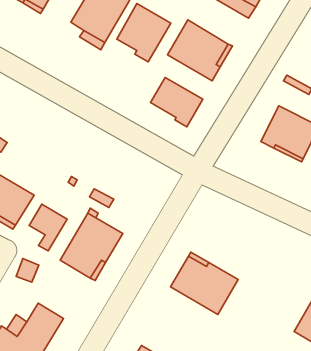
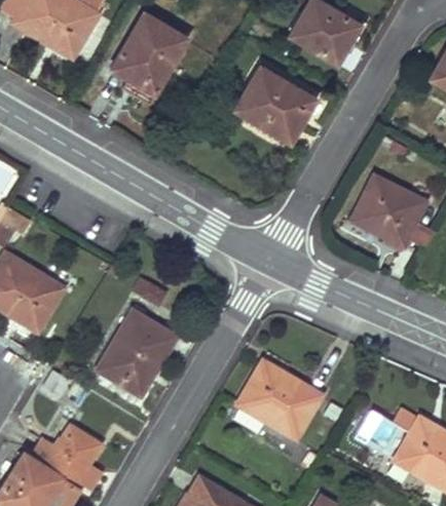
building: [117,4,171,62] -> none
building: [151,77,203,127] -> none
building: [29,204,67,251] -> none

